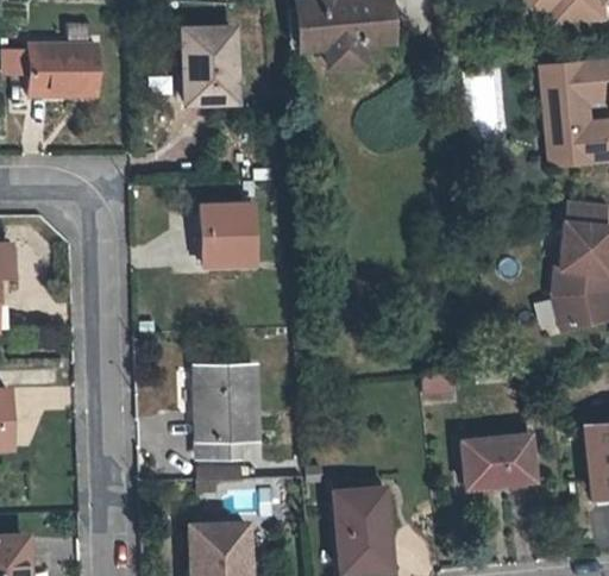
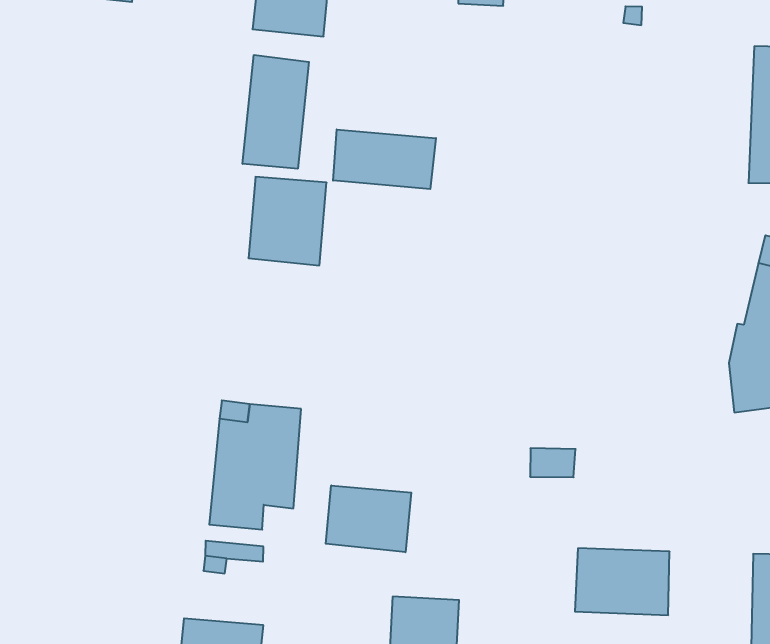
building: none -> [243,55,309,169]
building: none -> [333,129,436,189]
building: none -> [326,485,411,552]

